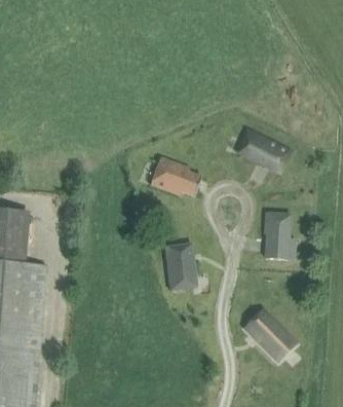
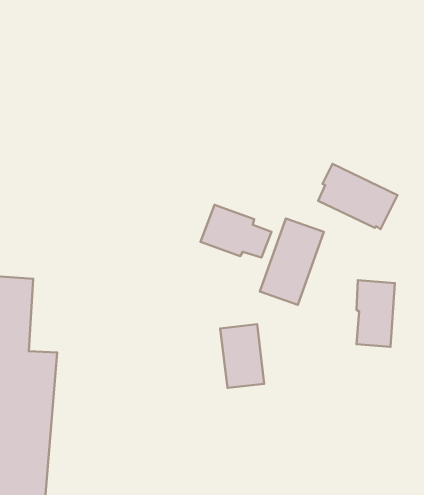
building: none -> [260,218,324,305]
building: [244,309,296,360] -> none

